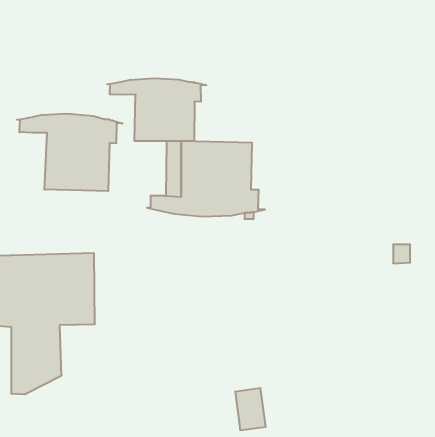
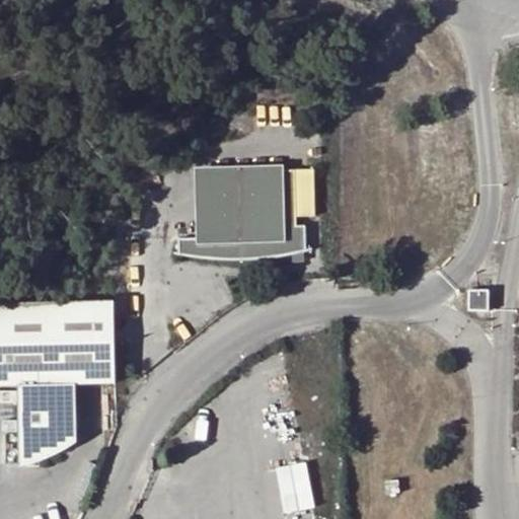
building: [107,78,206,141] -> none
building: [17,114,123,191] -> none

